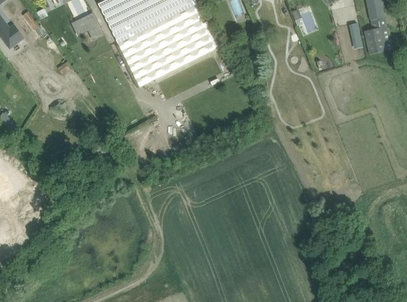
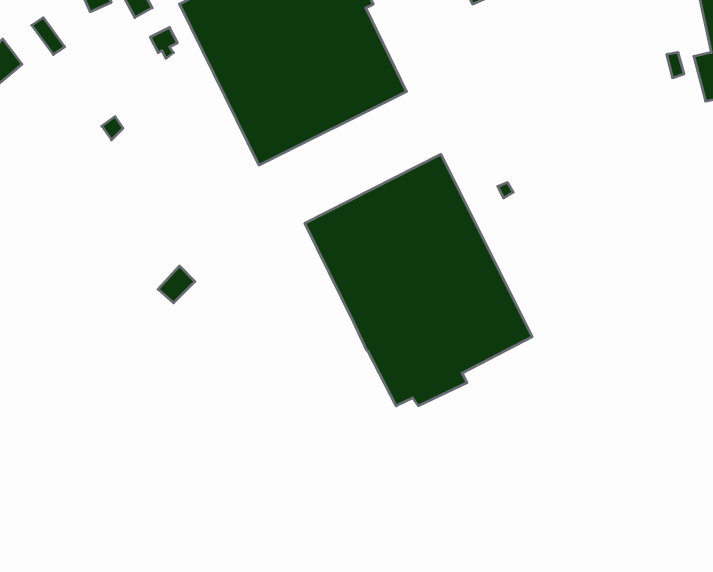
building: none -> [305,154,532,406]

